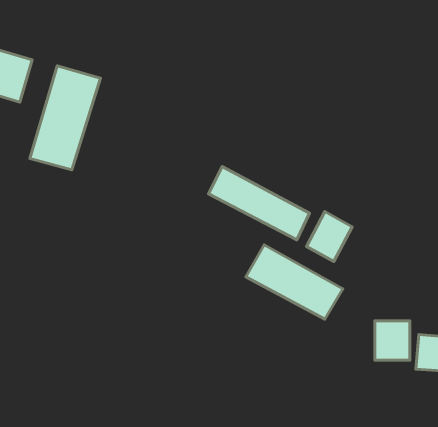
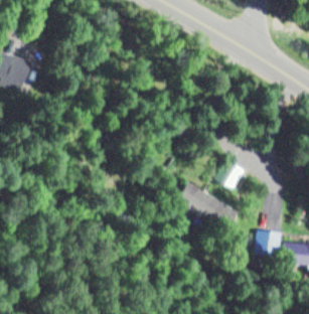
building: [30,66,101,170] -> none
building: [209,166,310,240] -> none

